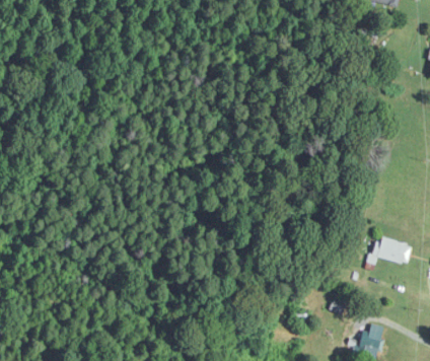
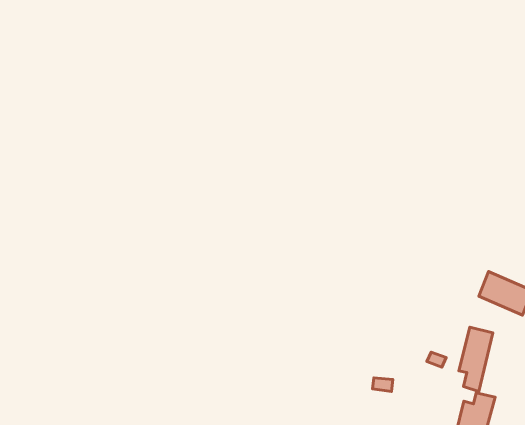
building: none -> [459,327,493,391]

